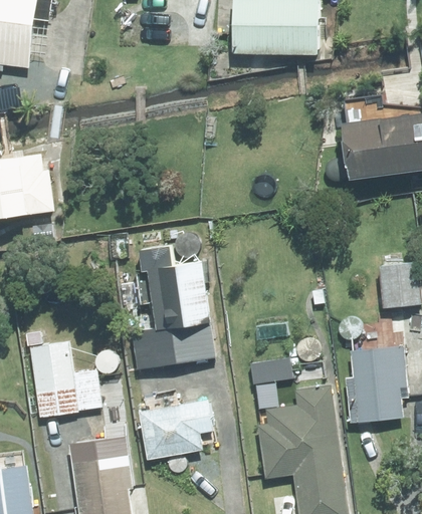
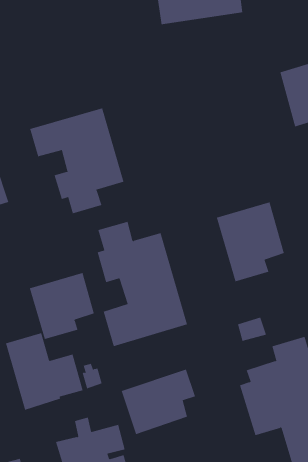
building: none -> [29,107,124,214]
building: none -> [216,201,285,282]
building: none -> [29,272,94,340]

